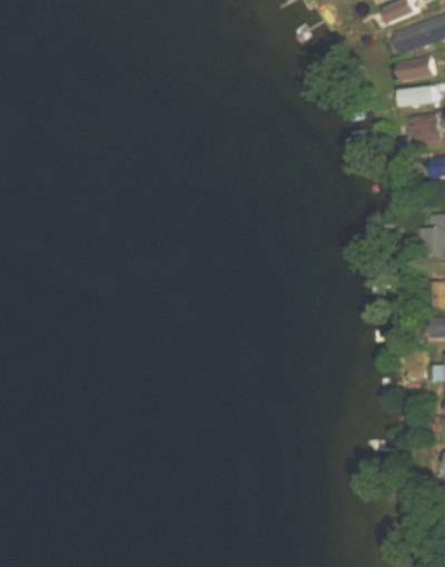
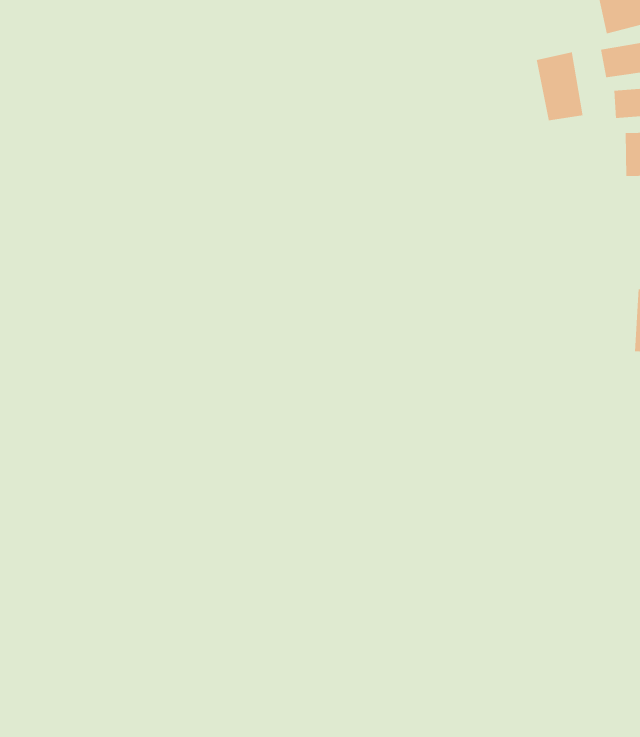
building: none -> [536,51,583,121]

